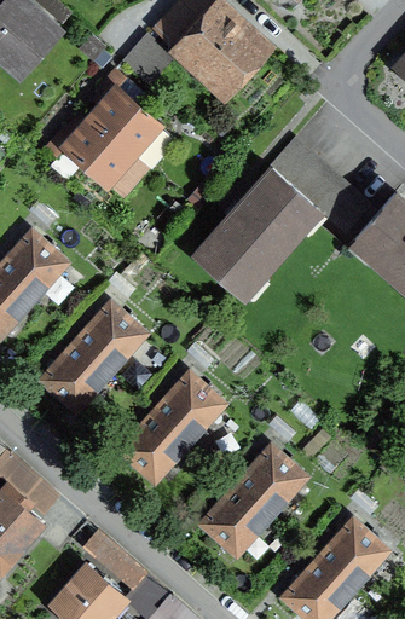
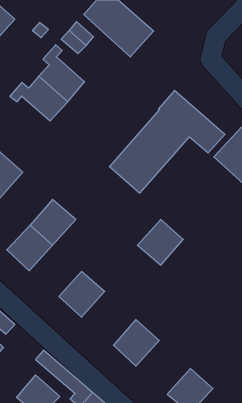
building: [154,374,222,442] -> [137,219,183,265]
building: [236,447,305,516] -> none
building: [318,520,387,589] -> none

